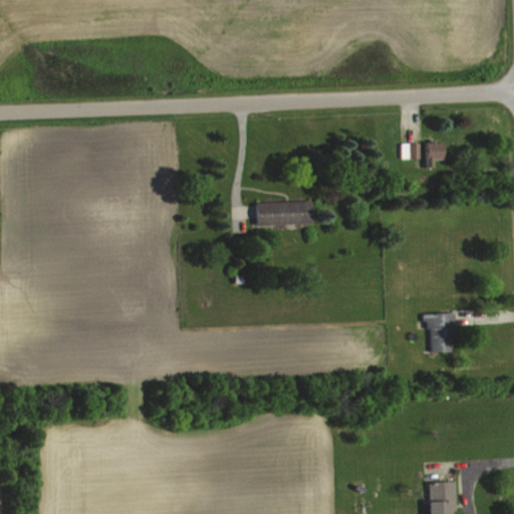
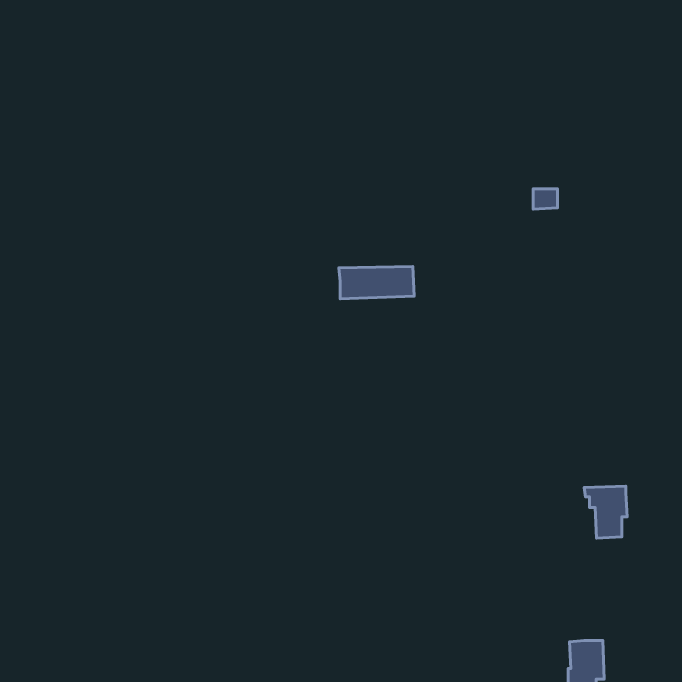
building: [426,141,444,168] -> none
building: [423,313,455,352] -> [584,486,627,538]

